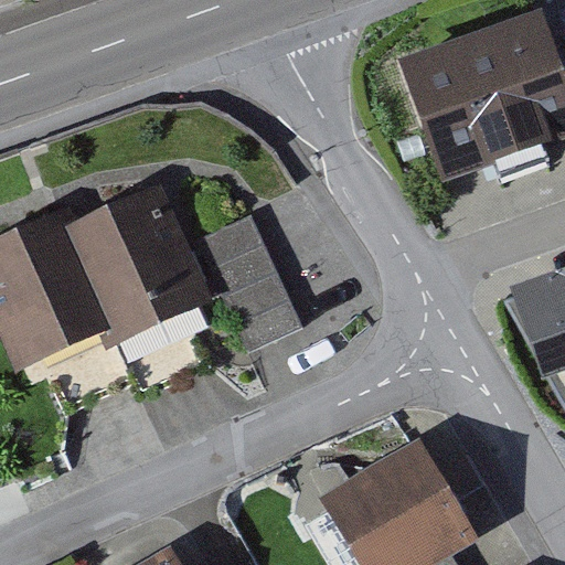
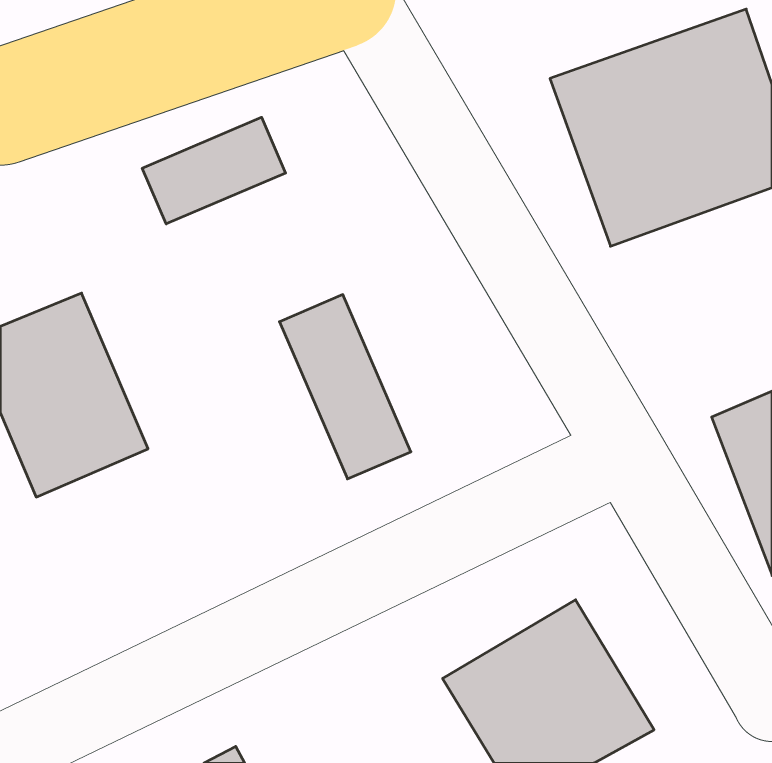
building: none -> [142,117,286,224]
building: [66,191,199,328] -> none

